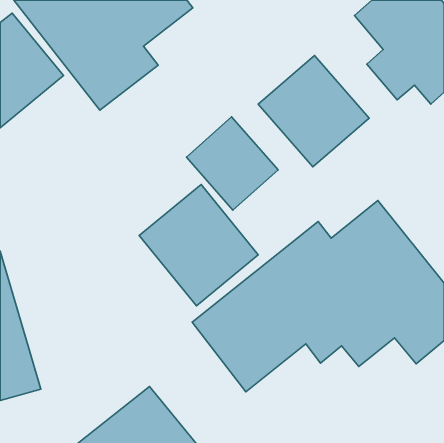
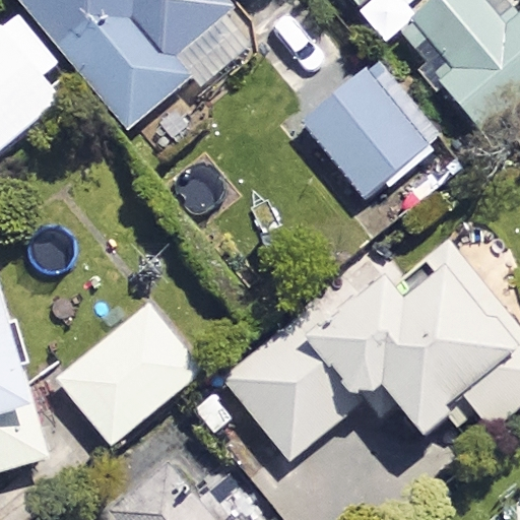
building: [186,117,278,210] -> none
building: [139,185,258,306] -> none
building: none -> [57,304,201,444]

